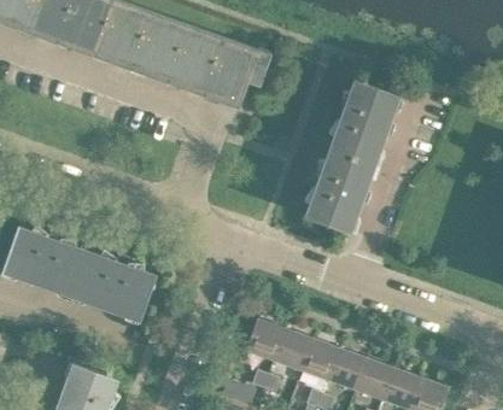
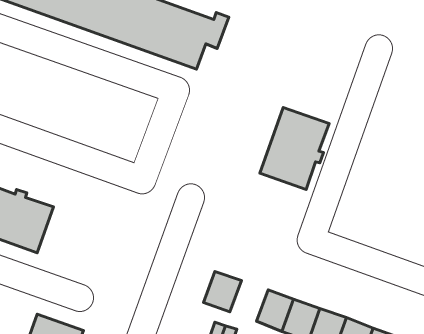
building: [328,78,400,164] -> none
building: [71,251,157,323] -> none
building: [273,328,312,370] -> none

